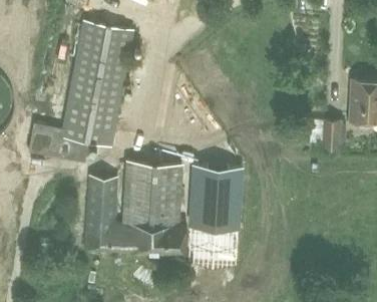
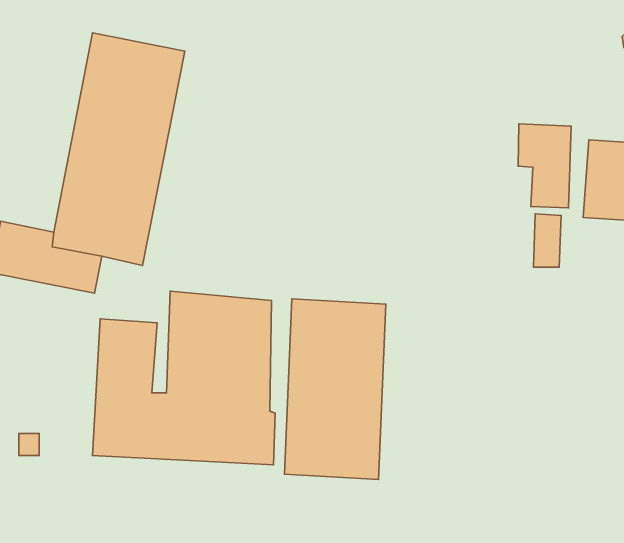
building: none -> [518,124,571,208]

